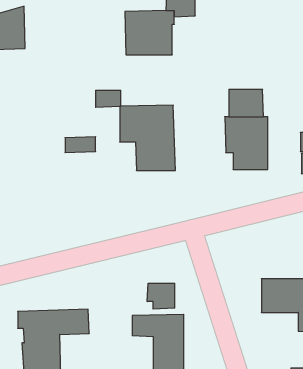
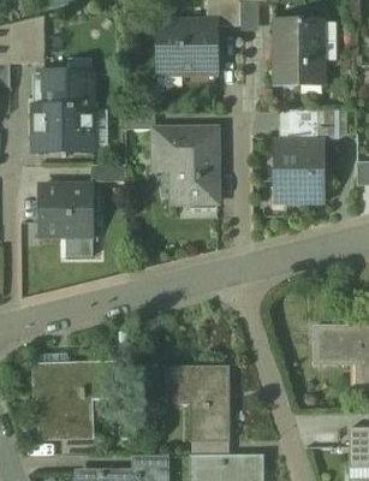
building: none -> [275,20,323,85]
building: none -> [34,73,94,152]
building: none -> [40,186,93,236]
building: [147,283,175,309] -> none

